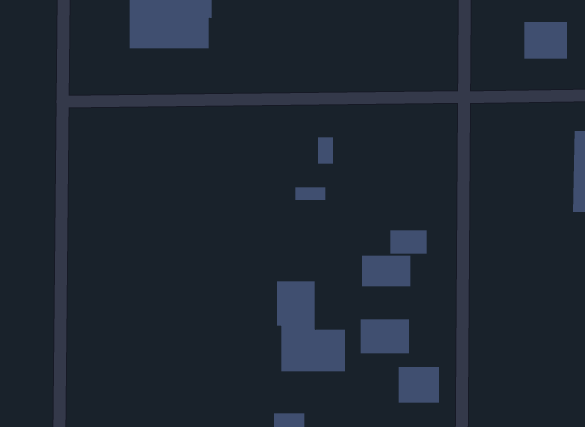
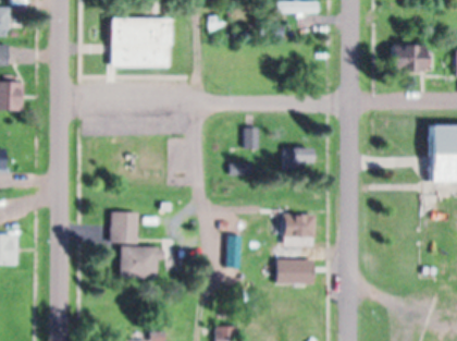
building: [389,230,427,254] -> [286,148,313,166]
building: [276,281,346,372] -> [111,212,161,278]
building: [398,366,439,404] -> none

